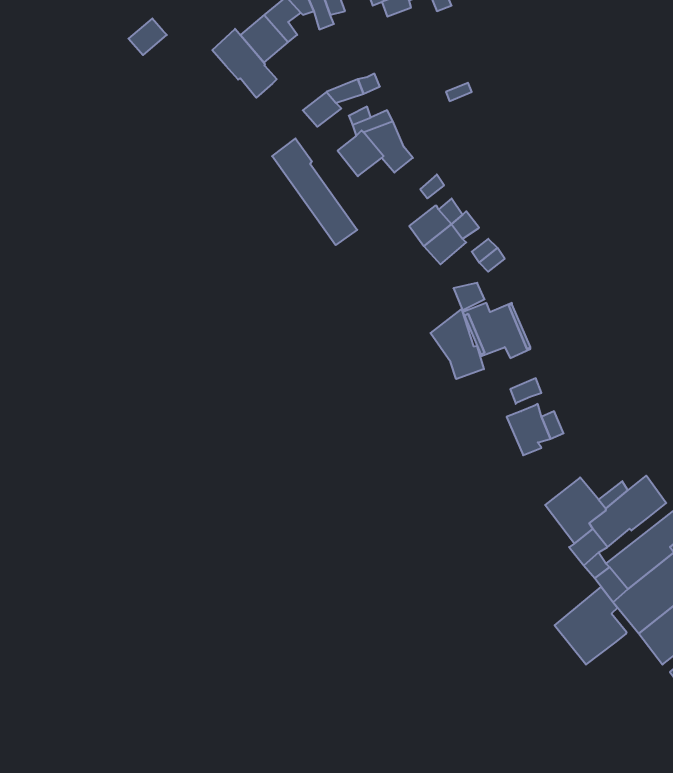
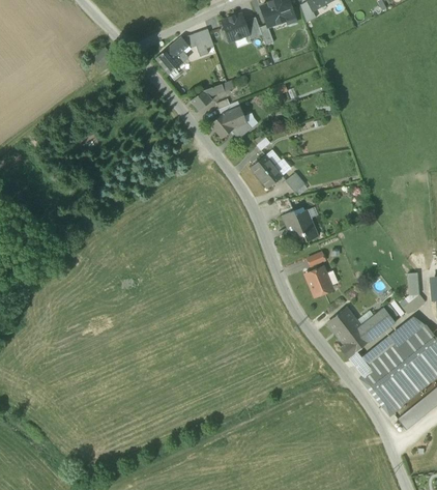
building: [212,29,277,98] -> none
building: [272,138,357,245] -> none
building: [430,309,484,379] -> none
building: [555,587,626,665] -> none

